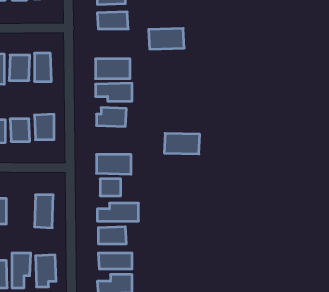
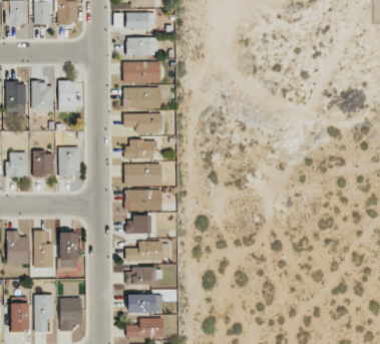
building: [149,28,184,49] -> [122,61,160,83]
building: [164,133,200,154] -> [123,163,161,186]
building: none -> [33,231,52,268]

